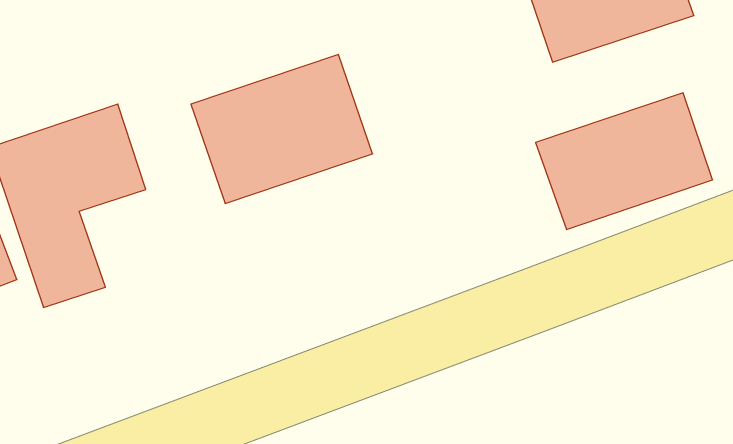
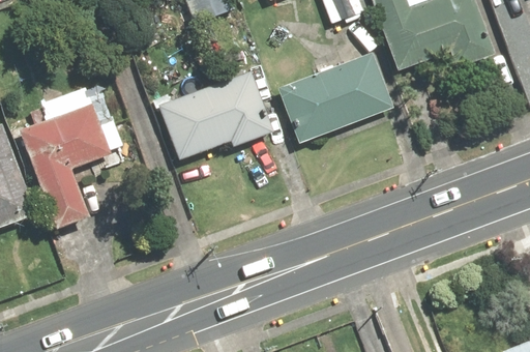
building: [536,93,713,229] -> [279,53,398,144]

